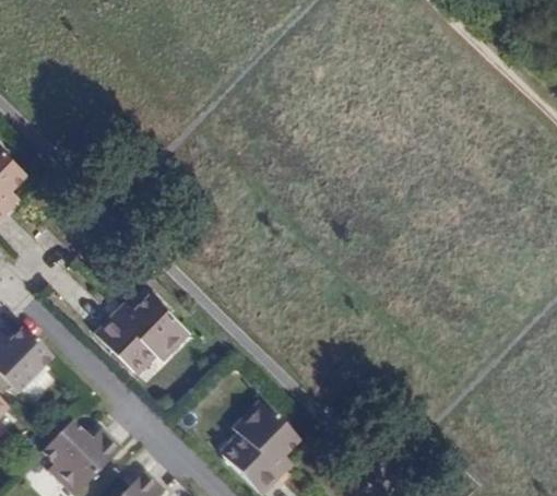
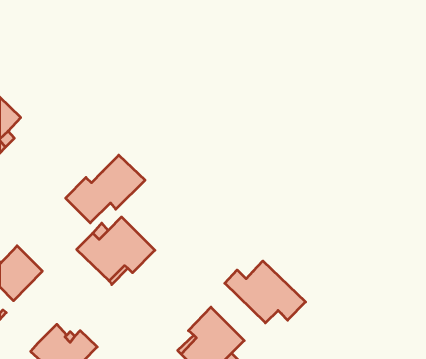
building: none -> [66,155,145,223]
building: none -> [225,261,306,323]

